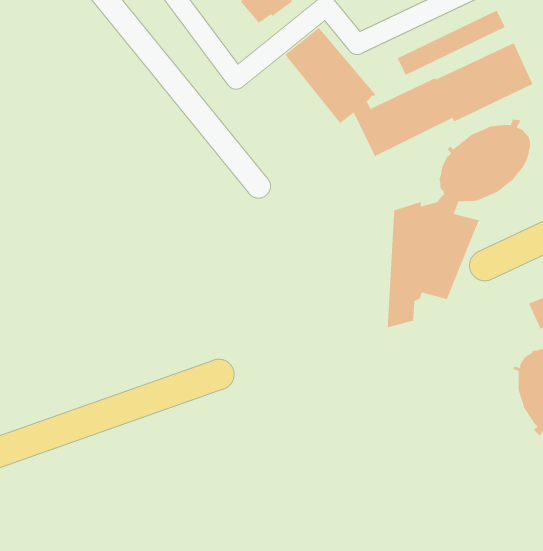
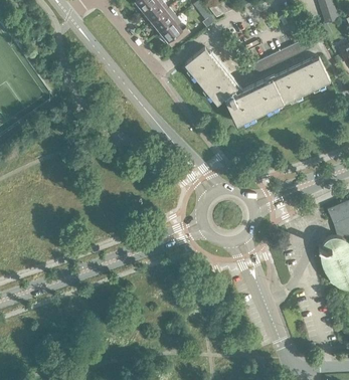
building: [387,119,531,328] -> none

